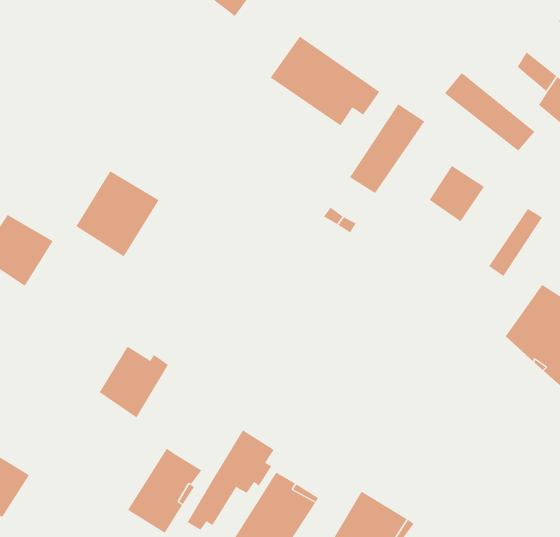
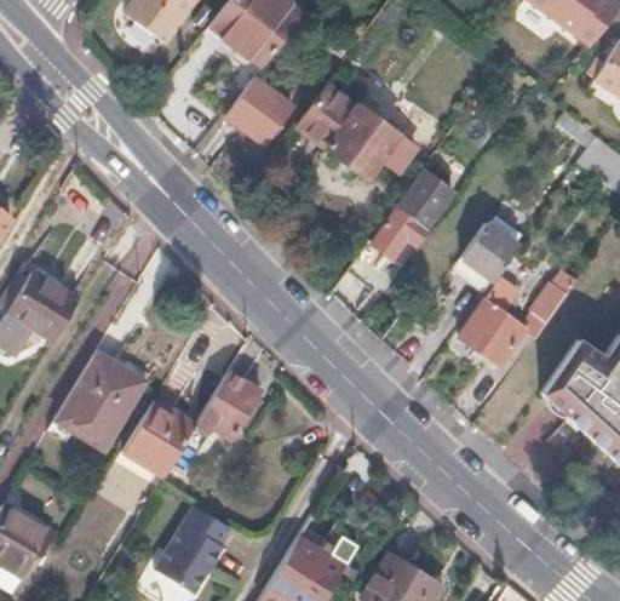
building: none -> [226,81,293,147]
building: [444,72,535,152] -> none
building: [75,170,160,257] -> [59,351,145,440]
building: none -> [460,273,526,362]
building: [187,429,275,530] -> [171,371,260,474]

